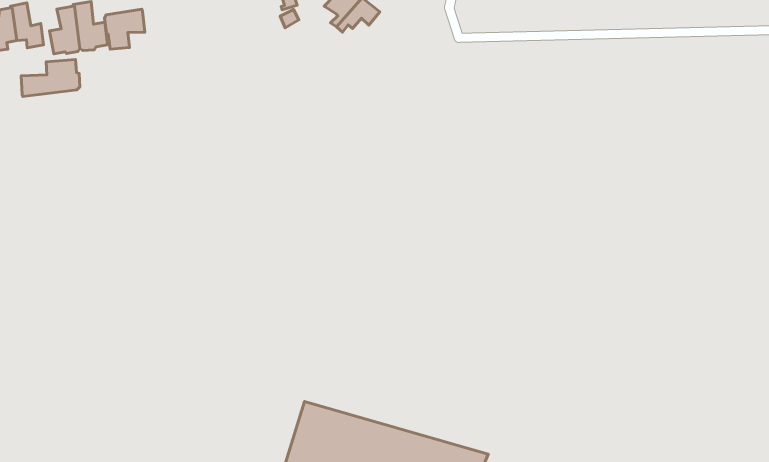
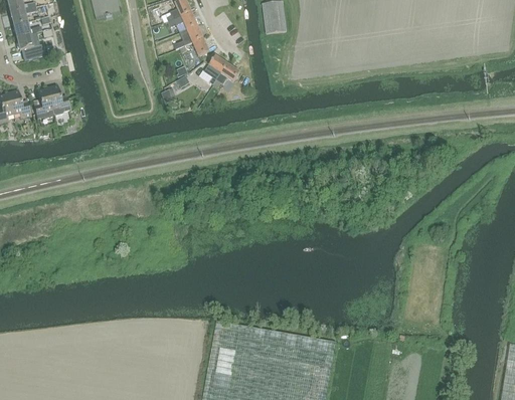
building: [104,9,145,49] -> none
building: [21,59,80,96] -> none

